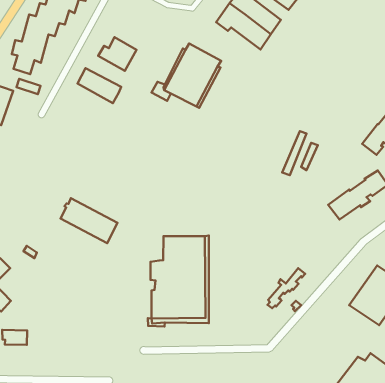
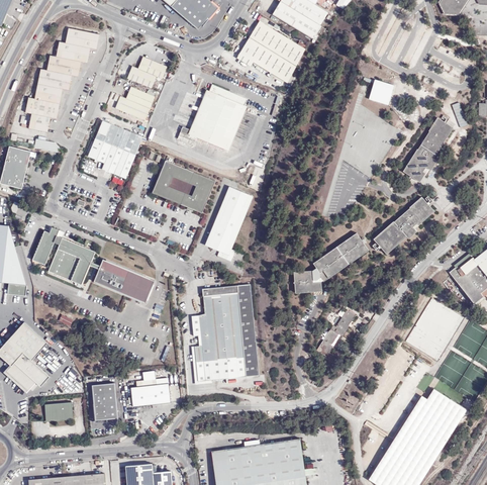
building: none -> [128,58,167,88]
building: none -> [369,81,394,106]
building: none -> [90,137,136,178]
building: none -> [152,160,214,212]
building: none -> [204,186,253,261]
building: none -> [31,226,98,284]
building: none -> [293,233,367,291]
building: none -> [92,382,117,416]
building: none -> [130,384,170,406]

